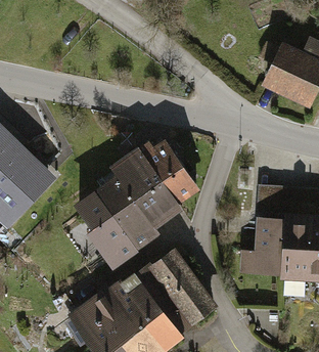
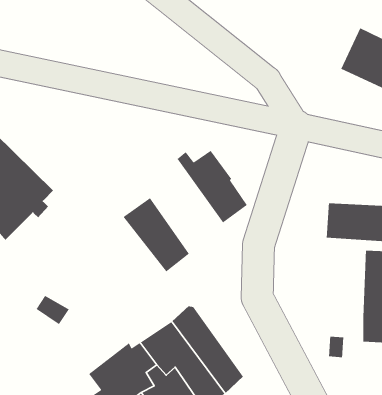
building: [111,151,178,225] -> none
building: [79,196,138,264] -> none
building: [258,219,286,274] -> none
building: [153,253,212,320] -> none

